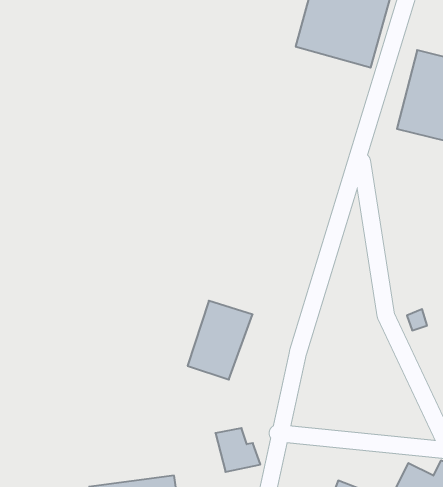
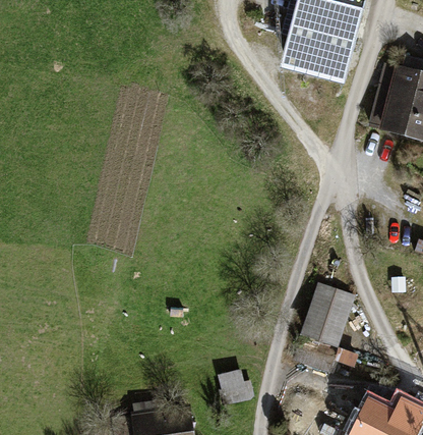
building: [188,301,253,380] -> [300,282,353,346]

